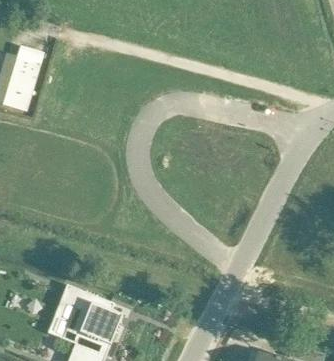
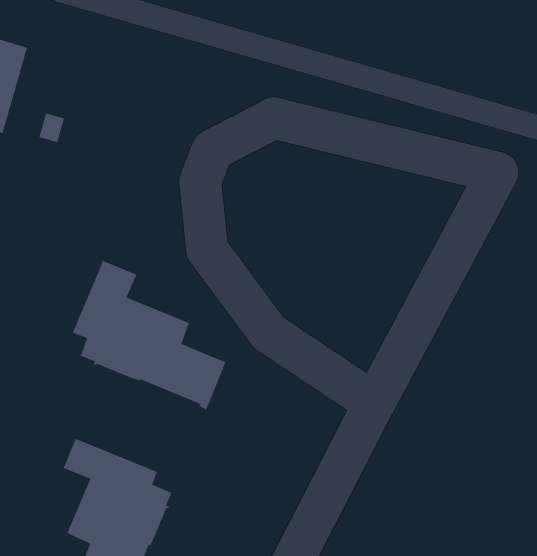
building: none -> [72,260,226,410]

